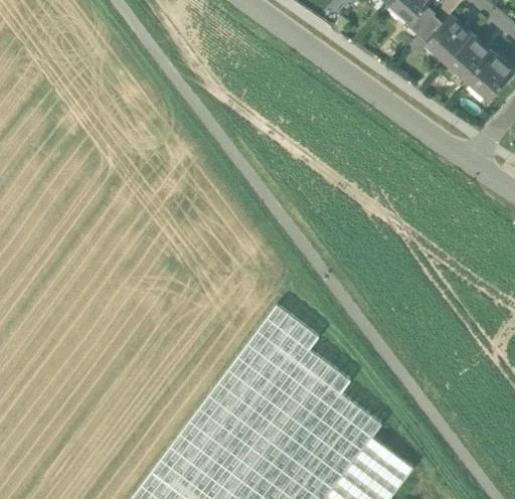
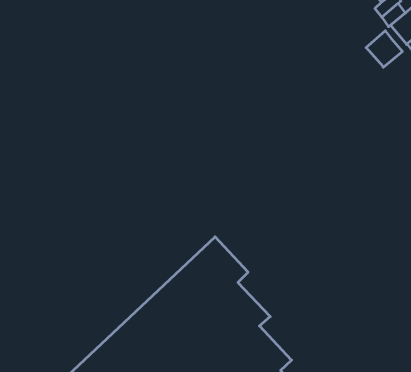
building: none -> [366,31,402,67]

